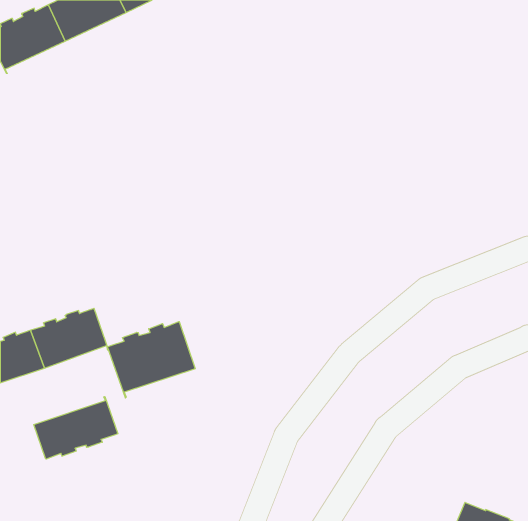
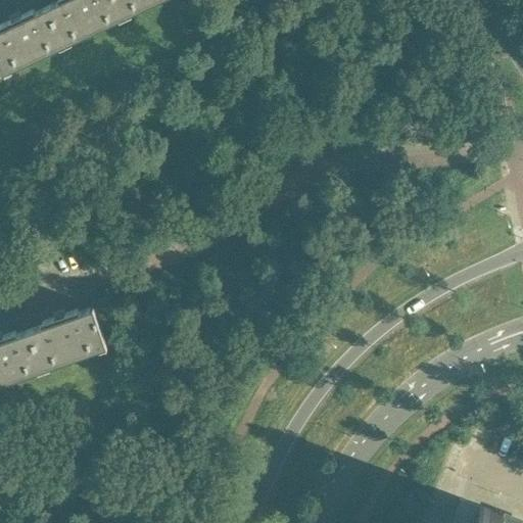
building: [108,322,195,398] -> none
building: [34,397,118,459] -> none

